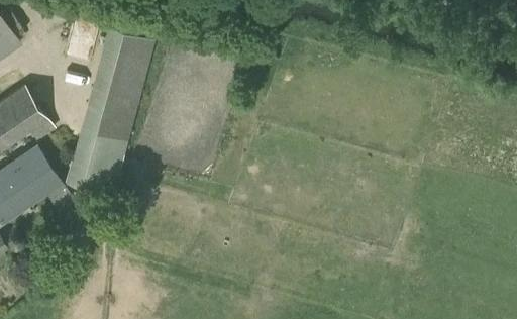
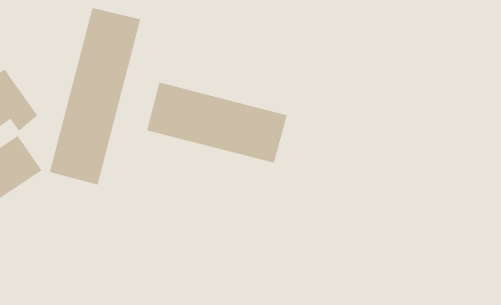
building: none -> [146,82,288,164]

